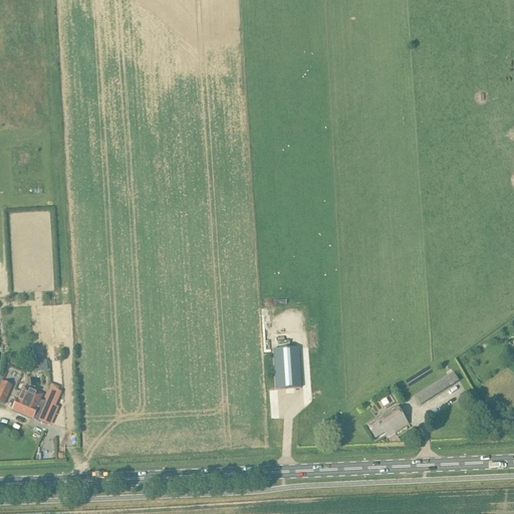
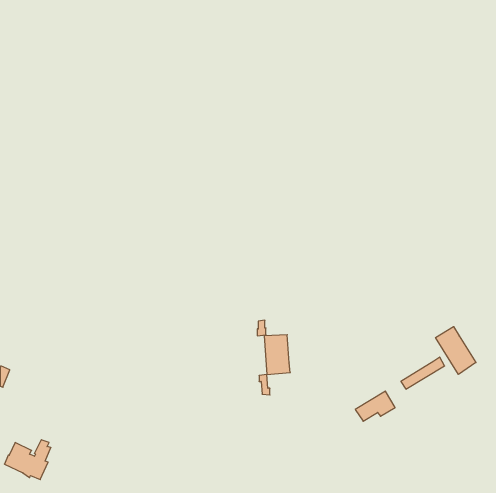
building: none -> [436,327,476,374]
building: [13,381,61,423] -> [4,440,51,480]

